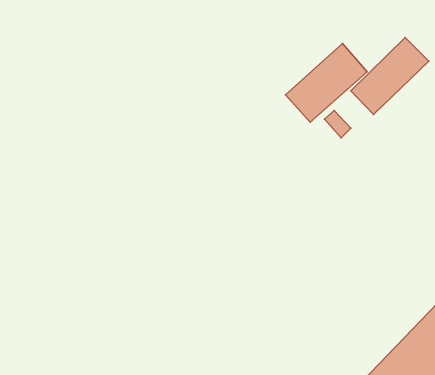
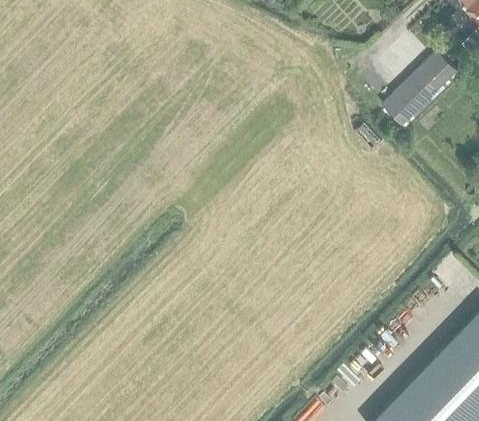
building: [285,44,367,122] -> none

